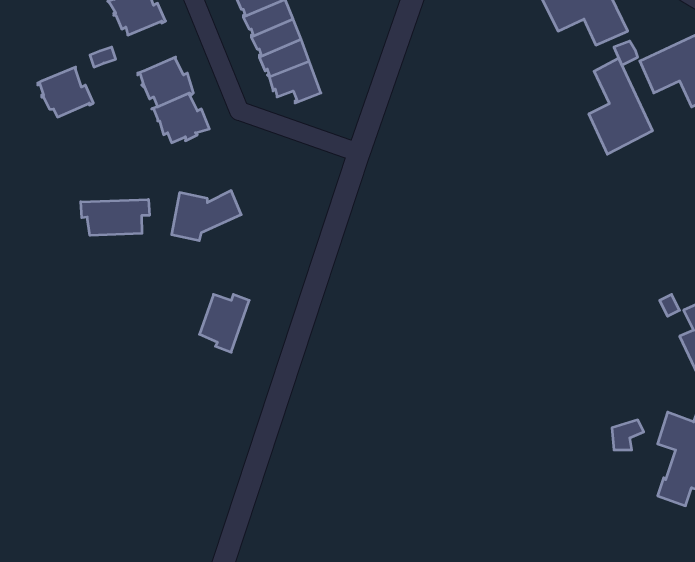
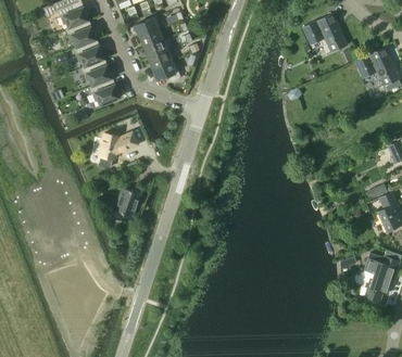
building: [589,58,652,154] -> none
building: [38,67,93,117] -> [73,39,103,66]
building: [81,199,149,235] -> none

